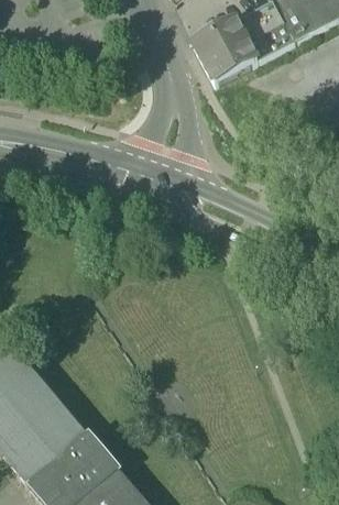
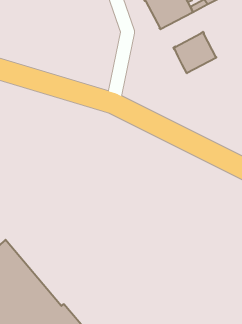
building: none -> [173,32,216,73]

